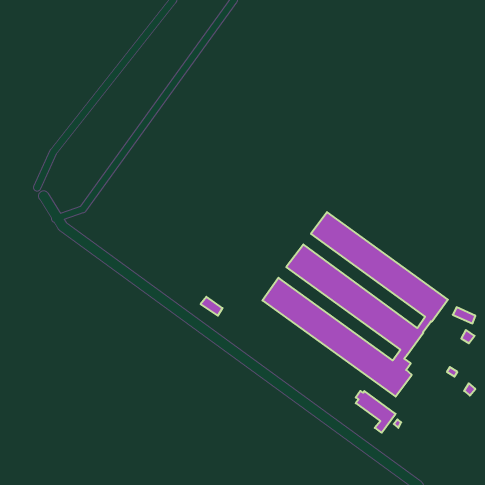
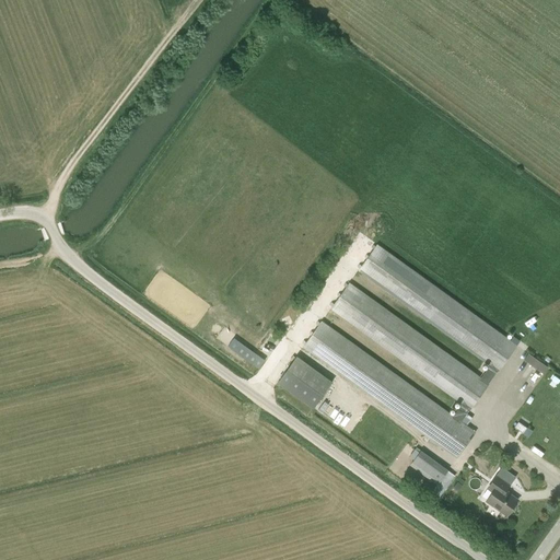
building: none -> [279,358,334,410]
building: none -> [486,476,517,515]

